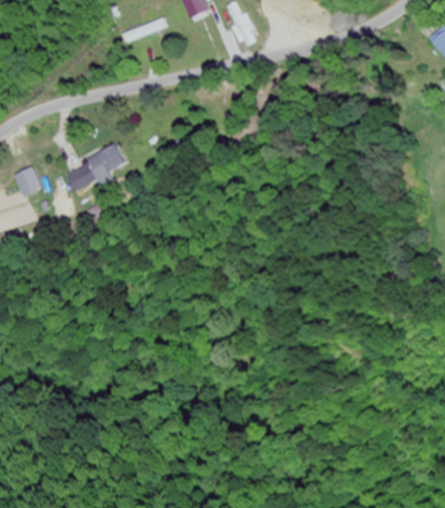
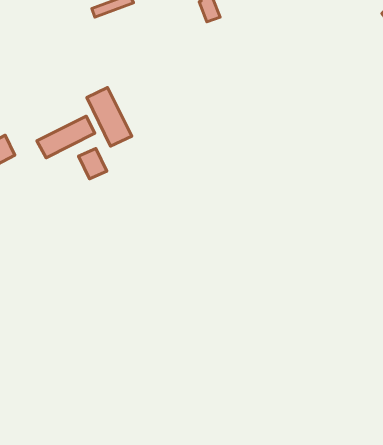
building: none -> [87,87,132,146]
building: none -> [78,149,107,179]

